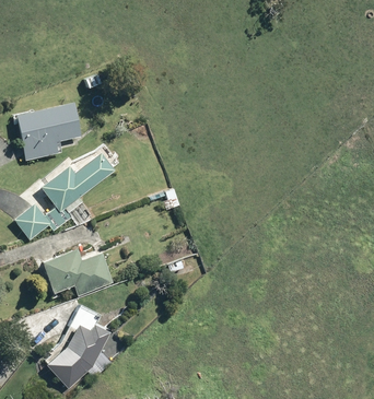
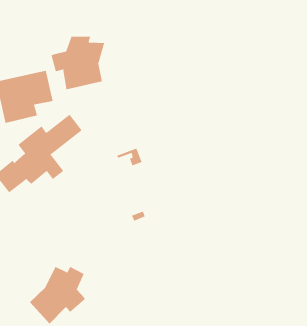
building: none -> [51,36,105,90]
building: [39,247,112,295] -> none

